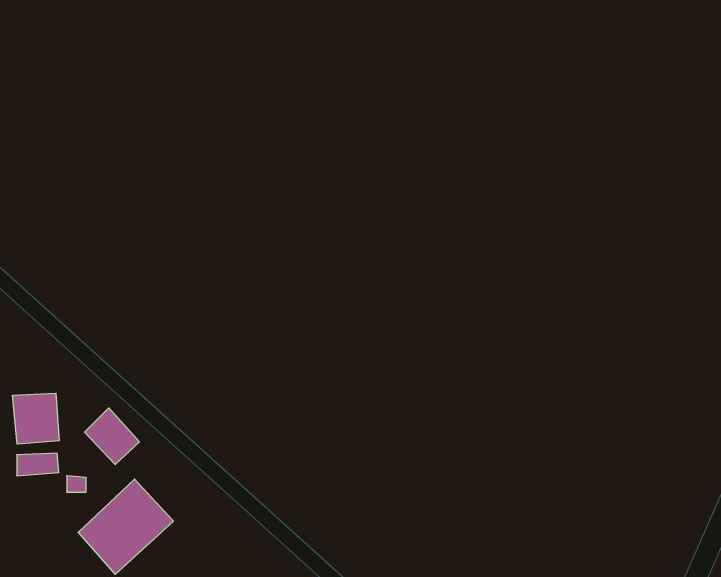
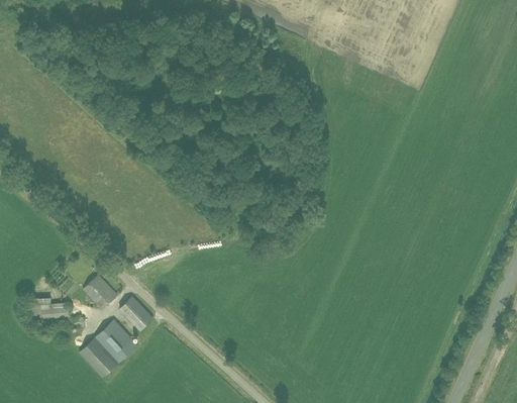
building: [13,393,59,444] -> none
building: none -> [119,296,153,329]

